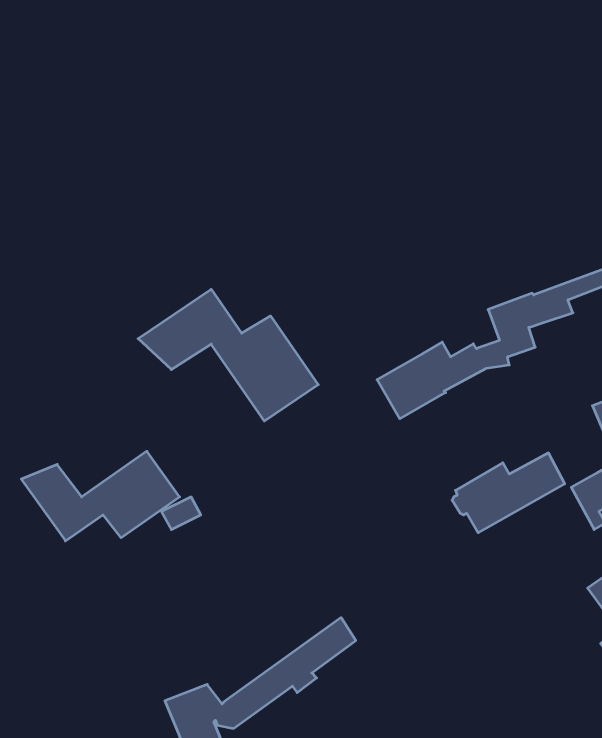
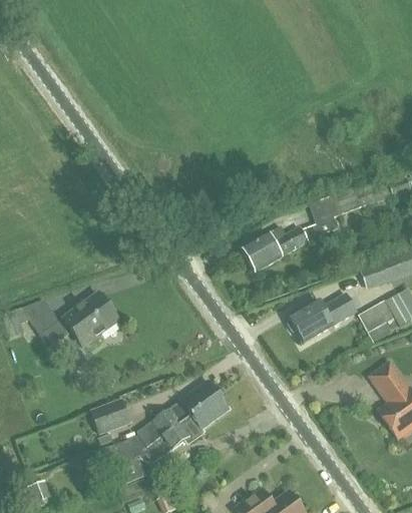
building: [138,289,318,421] -> none
building: none -> [137,380,220,446]
building: none -> [91,398,132,434]

